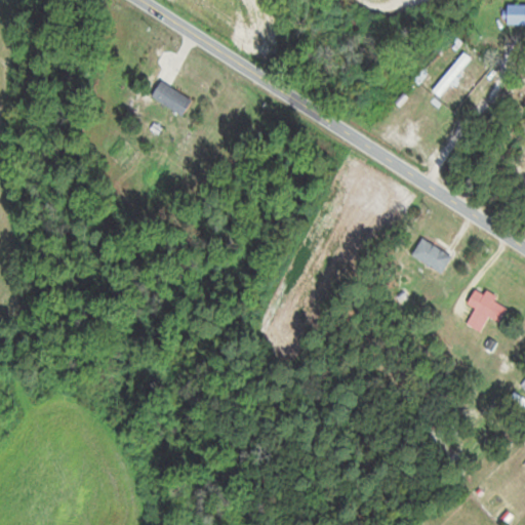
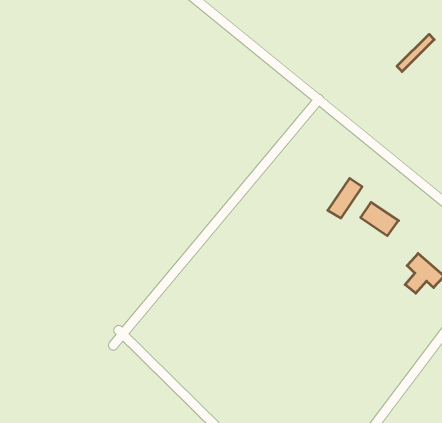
building: [152,80,192,115] -> none
building: none -> [328,178,362,218]

